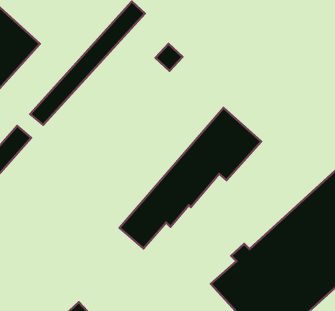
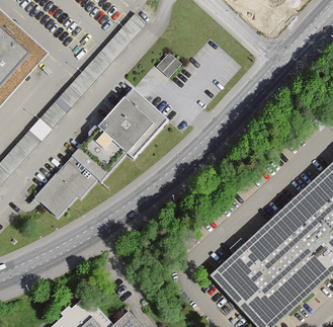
building: [120,108,261,248] -> [34,86,167,218]

